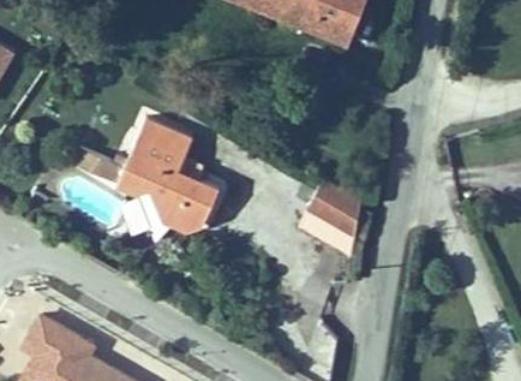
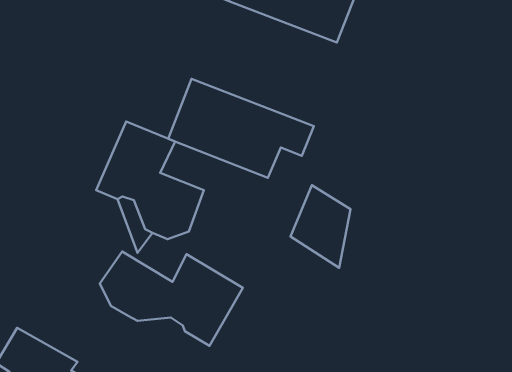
building: none -> [168,79,314,178]
building: none -> [100,251,243,346]

